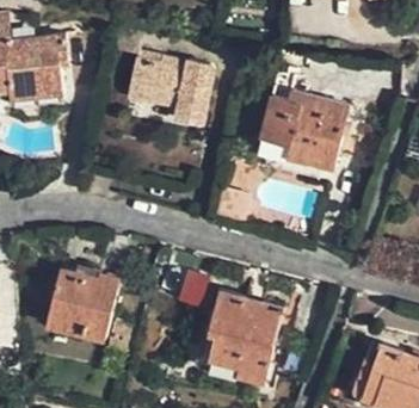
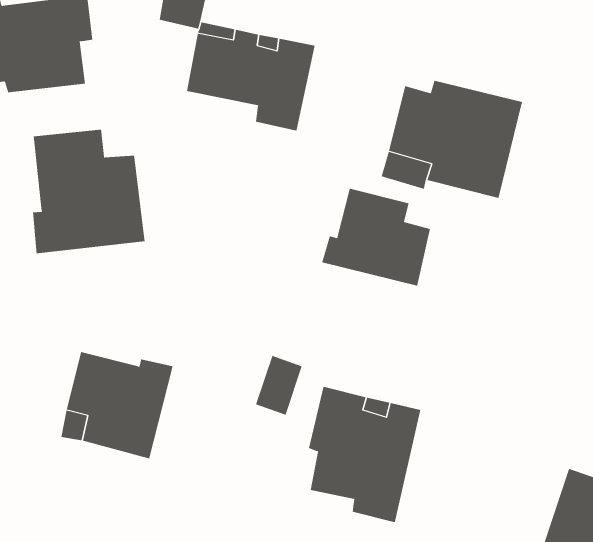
building: none -> [33,129,145,254]
building: none -> [322,188,430,286]

